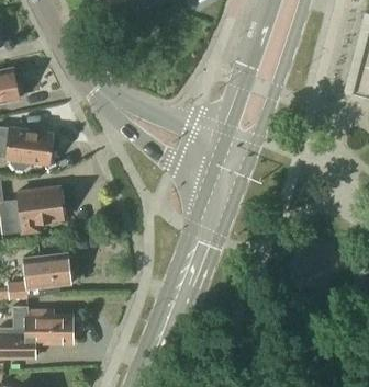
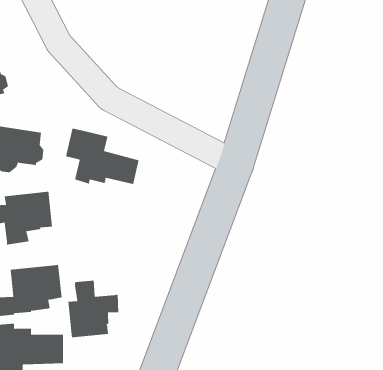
building: none -> [65,128,139,185]
building: none -> [68,280,119,338]

